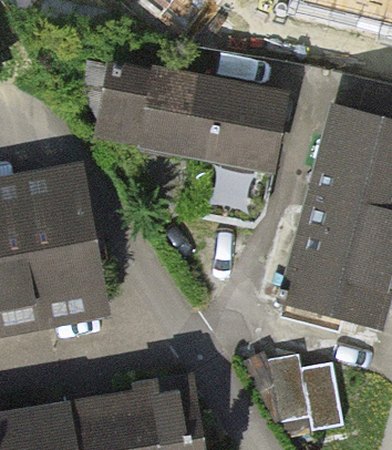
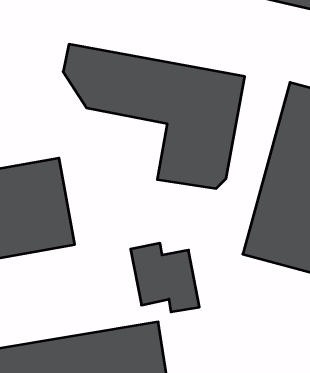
building: [268,352,345,430] -> [131,243,199,312]

